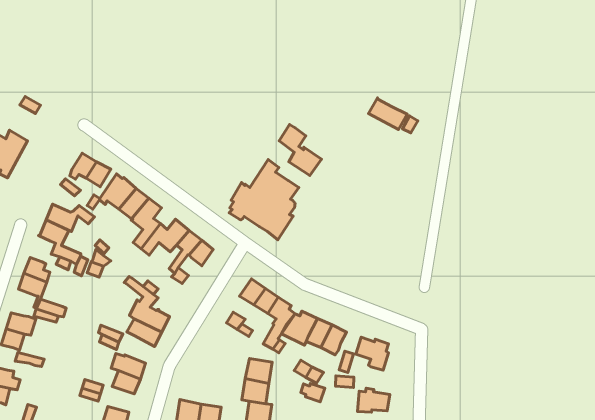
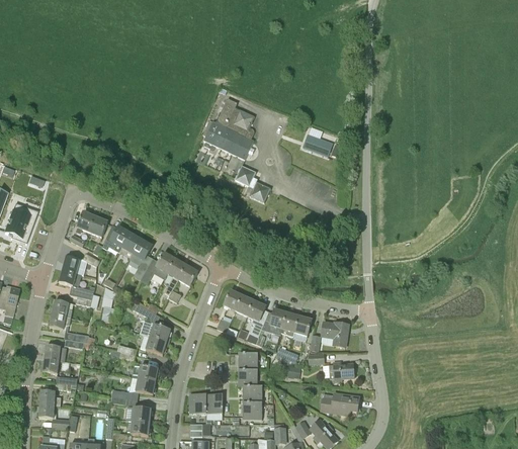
building: [229,159,299,240] -> [203,98,255,160]

